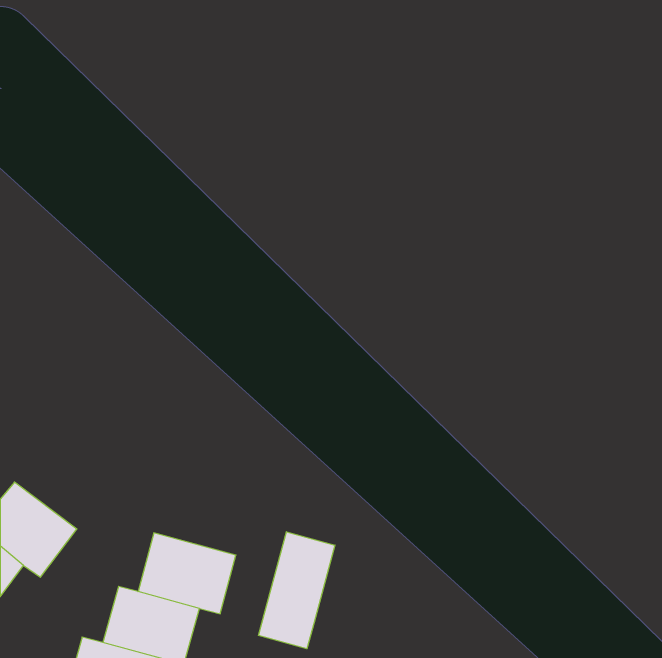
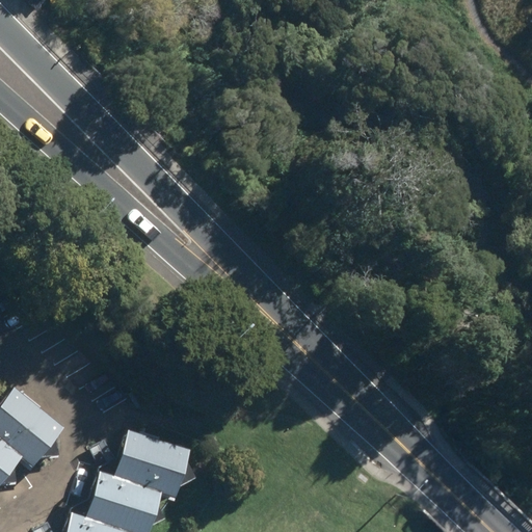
building: [258,532,335,649] -> none

